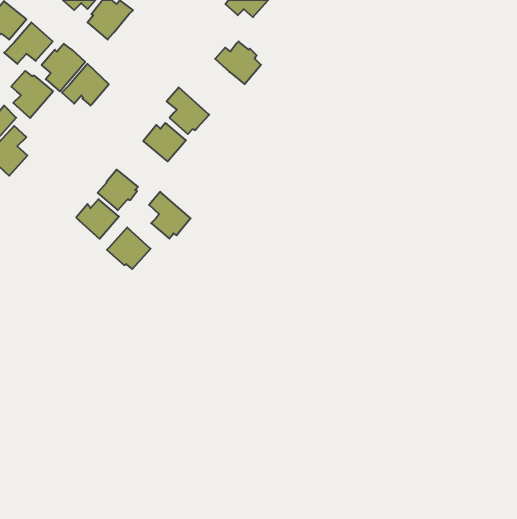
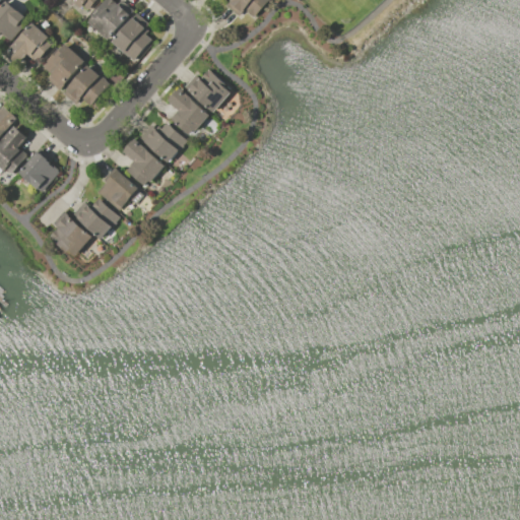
building: none -> [111,13,152,61]
building: [215,41,261,84] -> [184,69,230,112]
building: [11,71,53,118] -> none
building: none -> [18,150,58,192]
building: [149,192,191,239] -> [123,138,165,185]
building: [107,227,151,269] -> [48,214,91,256]

